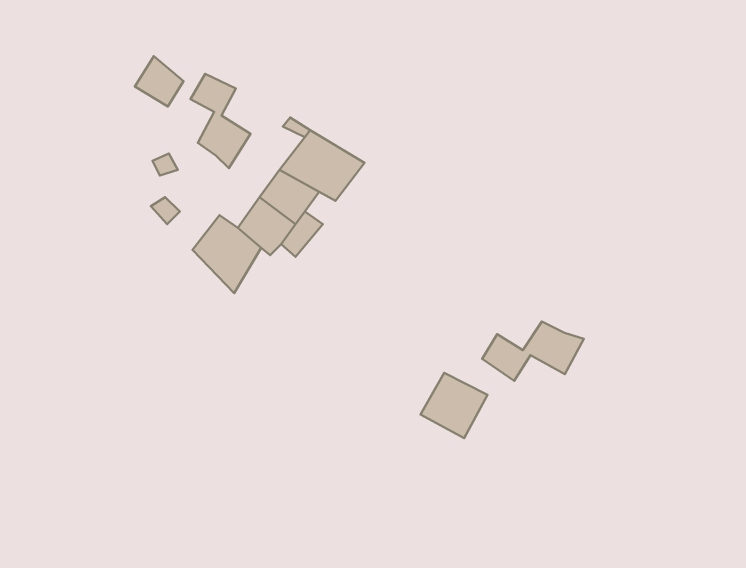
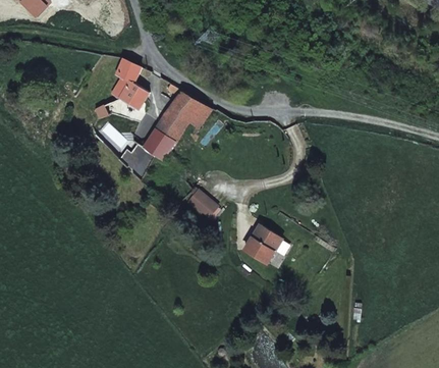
building: [135,56,184,107] -> none
building: none -> [185,191,214,219]
building: [482,322,584,381] -> none

